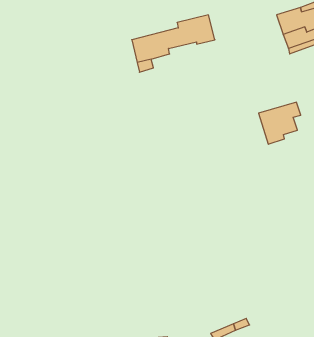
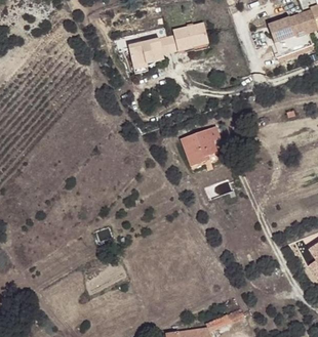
building: [259,102,301,144] -> [181,122,221,162]

